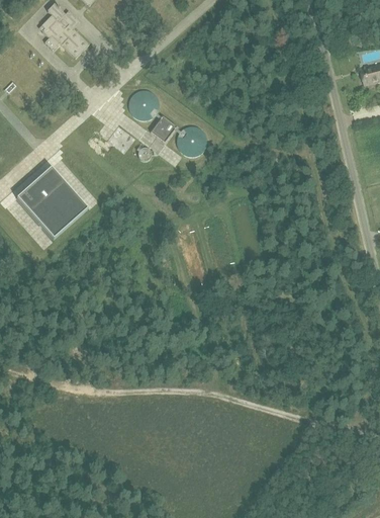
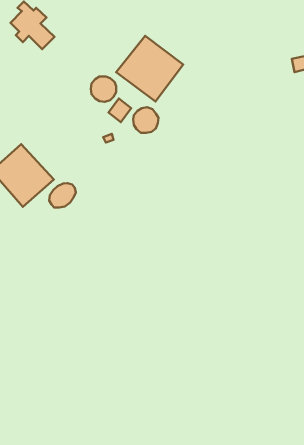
building: none -> [116,36,183,102]
building: none -> [49,183,76,208]

